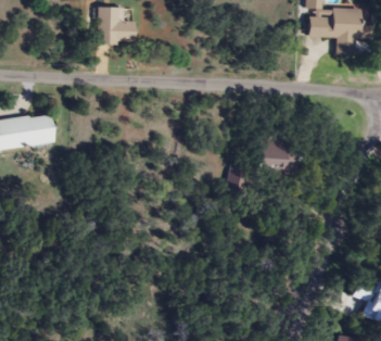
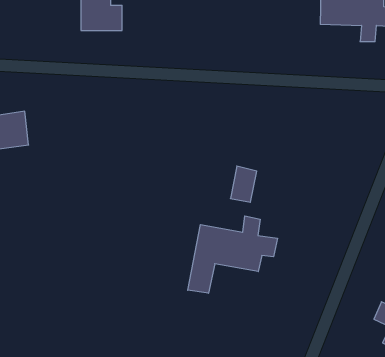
building: [259,135,296,172] -> none
building: none -> [188,216,277,293]

